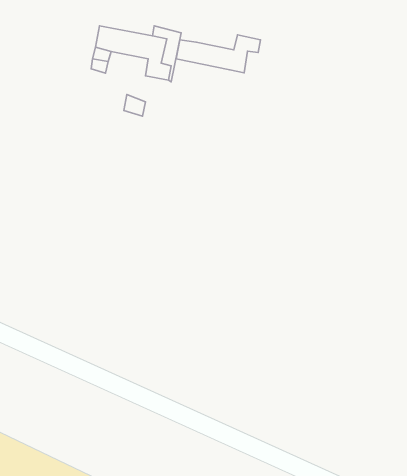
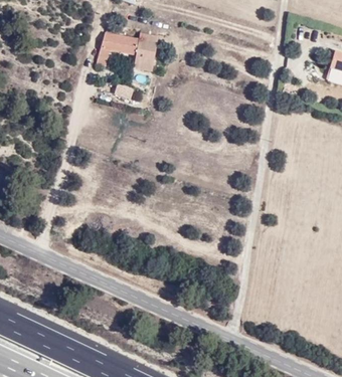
building: [176,35,261,73] -> none

